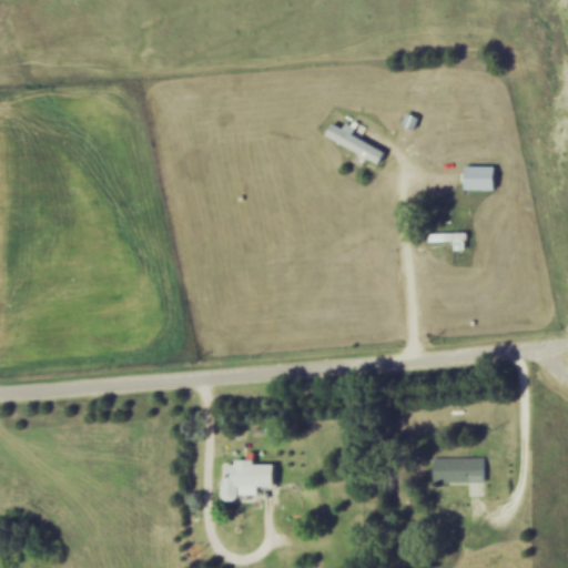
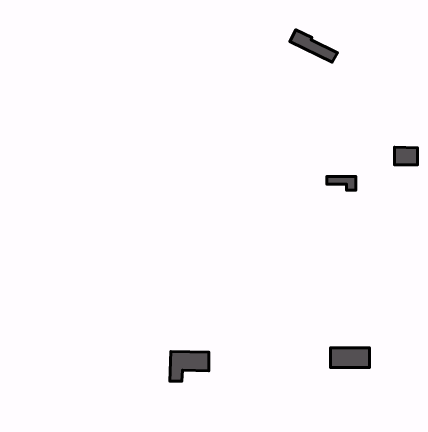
building: [323,122,385,164] -> [290,30,337,62]
building: [464,166,494,190] -> [395,147,418,165]

